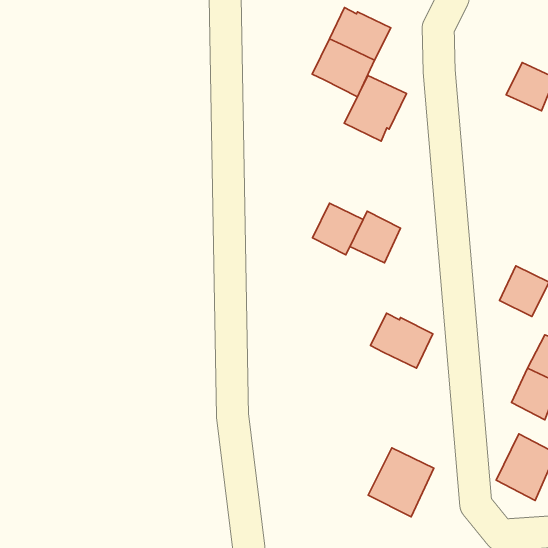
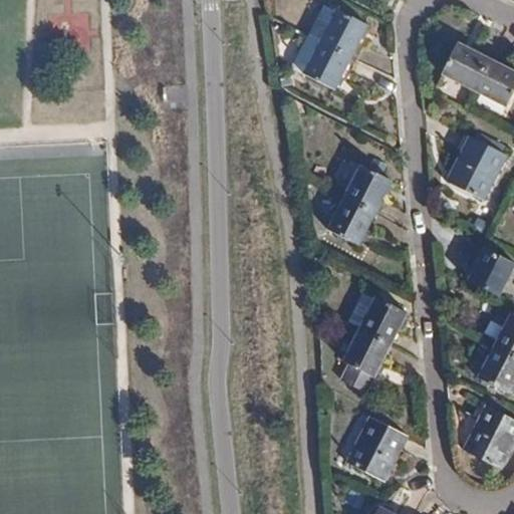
building: none -> [442,42,489,88]
building: [344,75,406,141] -> none
building: none -> [448,131,508,194]
building: [312,203,363,255] -> [344,165,392,213]
building: none -> [342,328,391,391]

